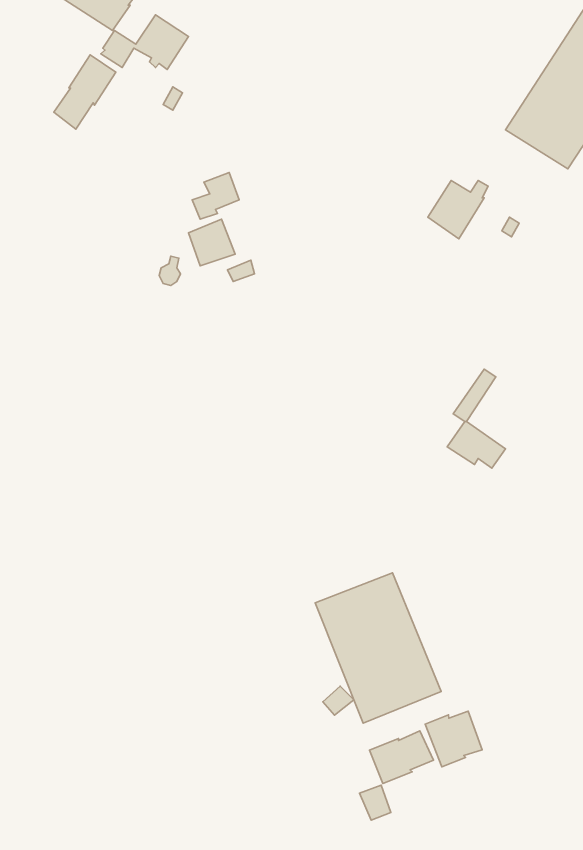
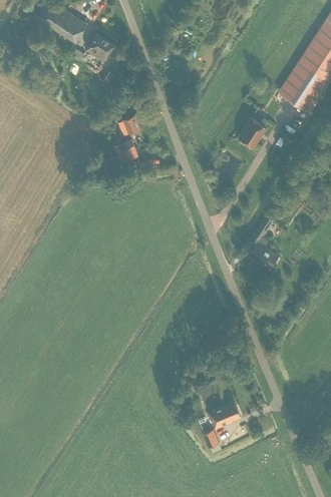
building: [54,55,116,129] -> none
building: [315,573,441,723] -> none
building: [425,711,482,767] -> none

